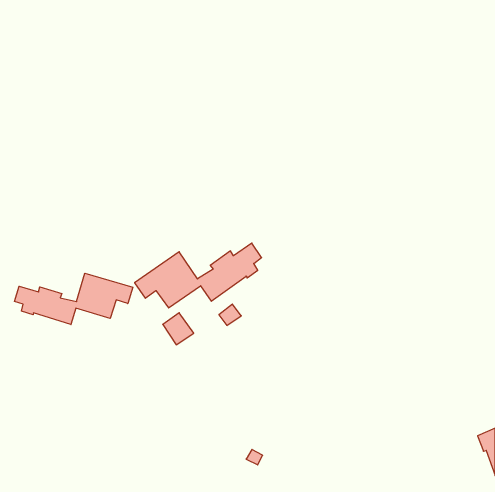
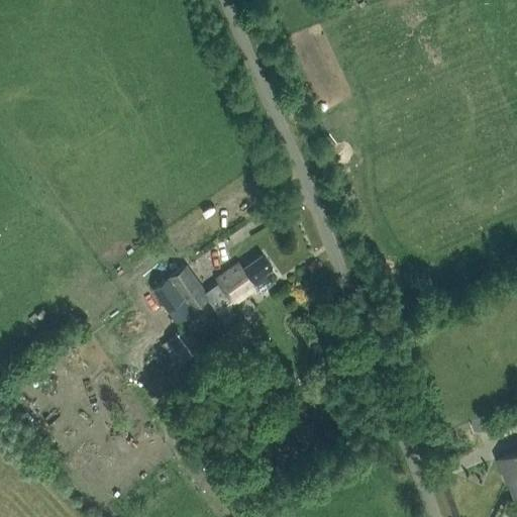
building: [15,273,133,325] -> none

